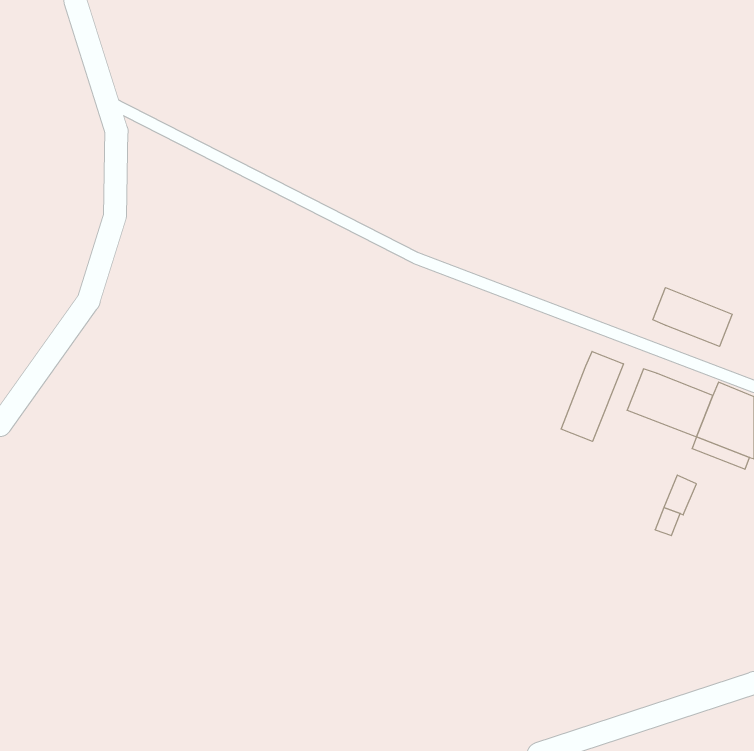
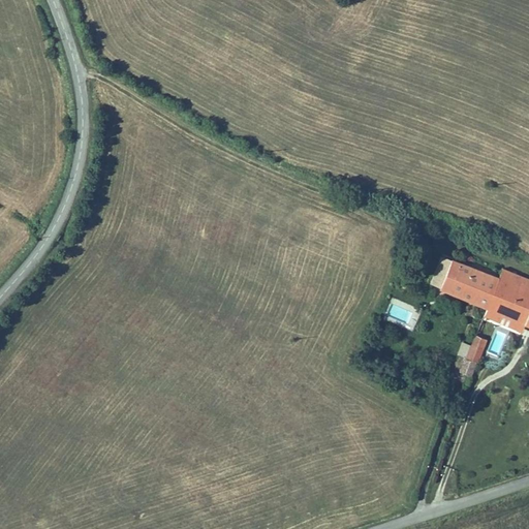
building: [653,288,732,346] -> none
building: [561,351,623,441] -> none

